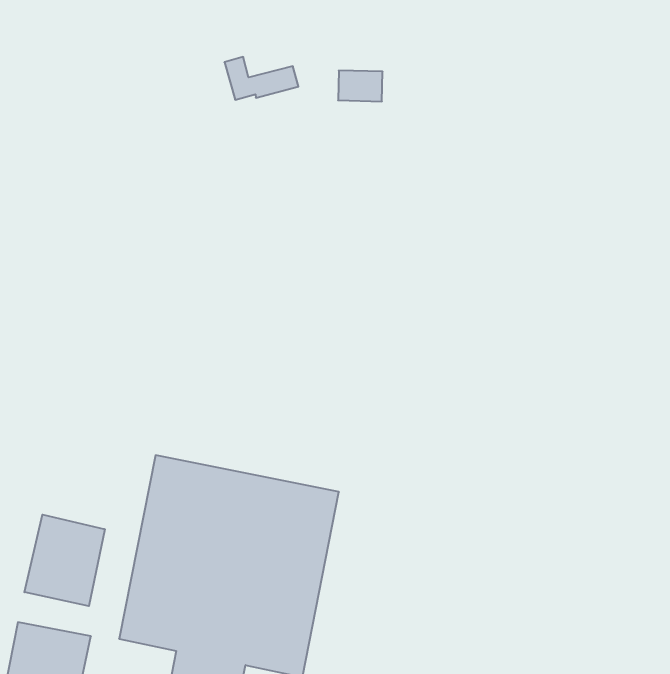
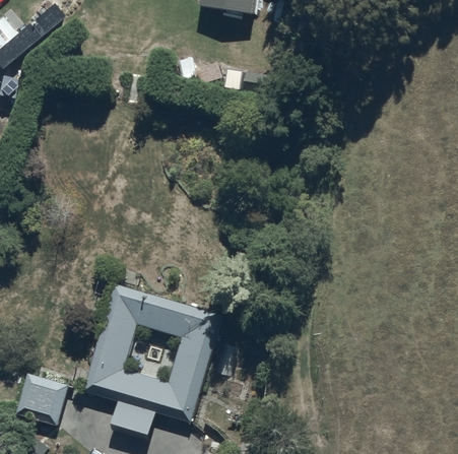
building: [24,515,105,606] -> none

